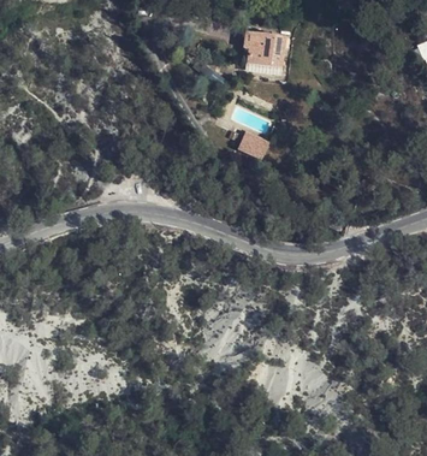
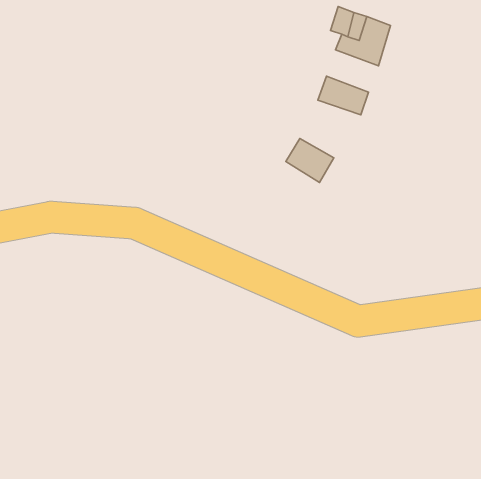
building: none -> [318,76,368,115]

